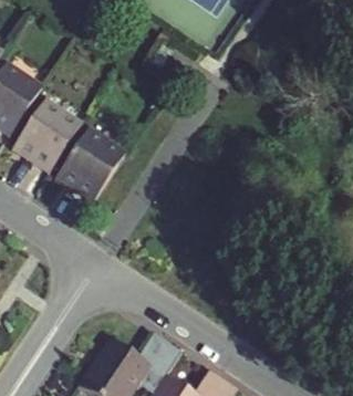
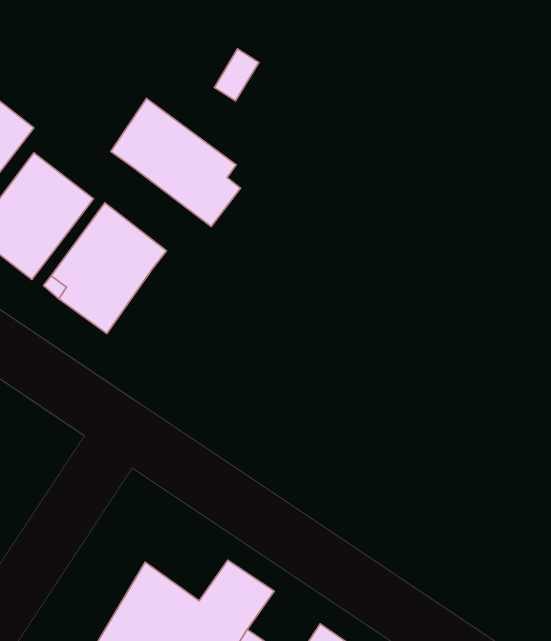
building: none -> [111,99,241,227]

